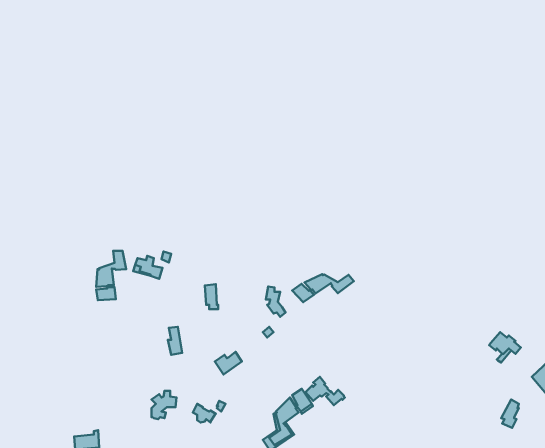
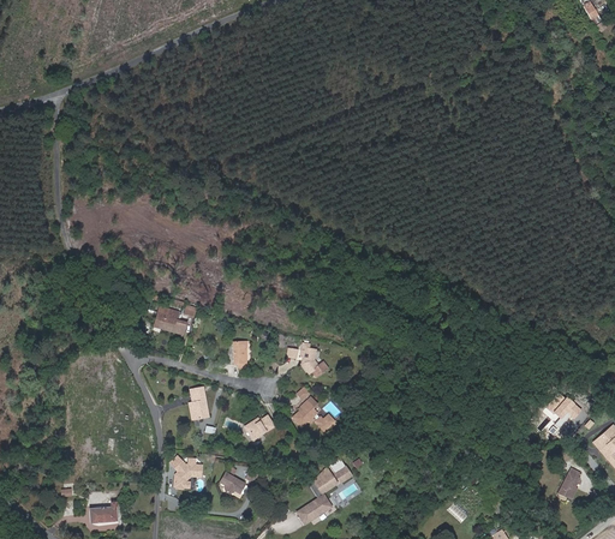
building: [96,251,126,300] -> none
building: [292,274,354,302] -> none
building: [306,377,345,405] -> [292,401,335,432]

